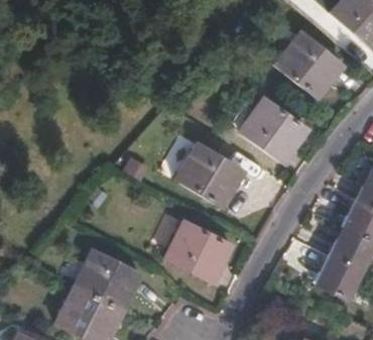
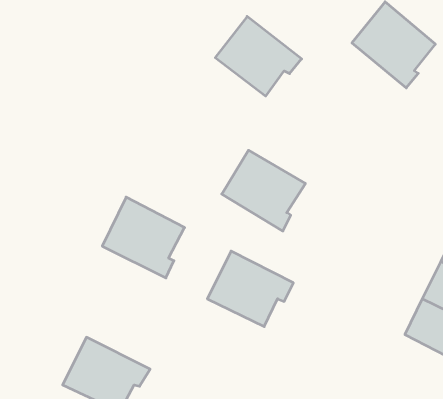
building: [241,99,306,159] -> [215,16,302,96]
building: [75,249,137,311] -> [102,197,185,278]

